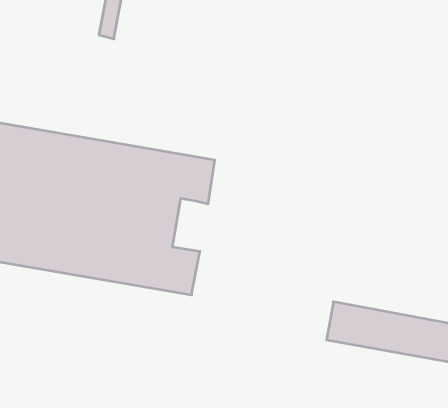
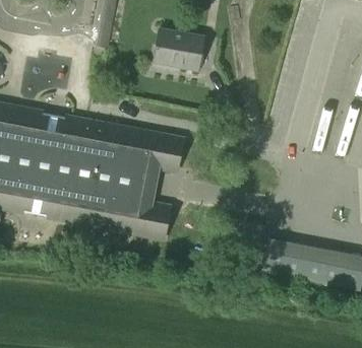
building: none -> [153,25,202,66]

